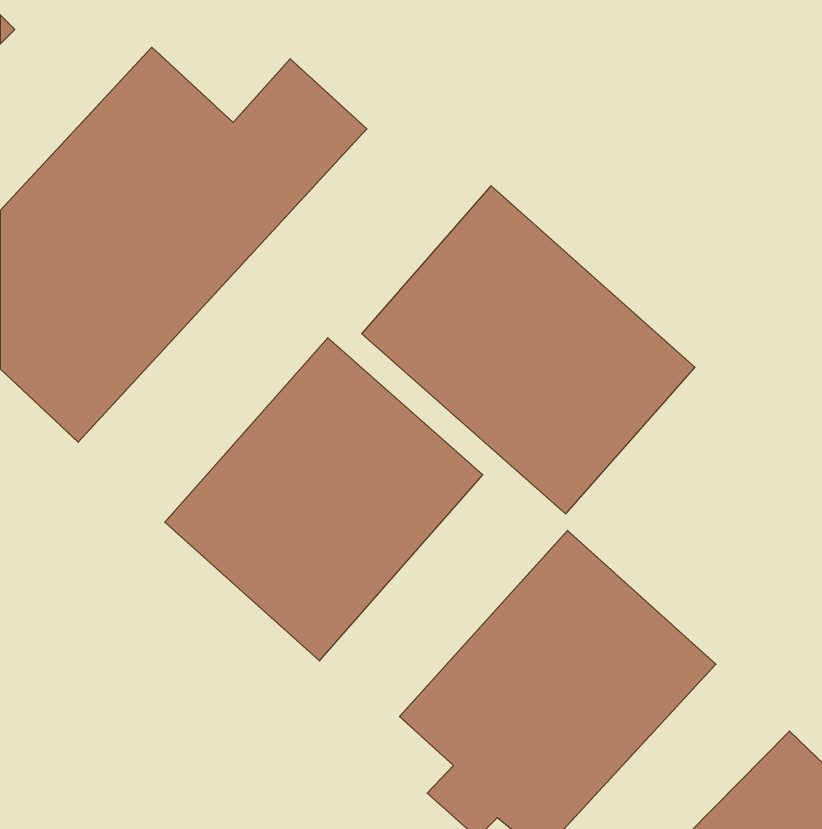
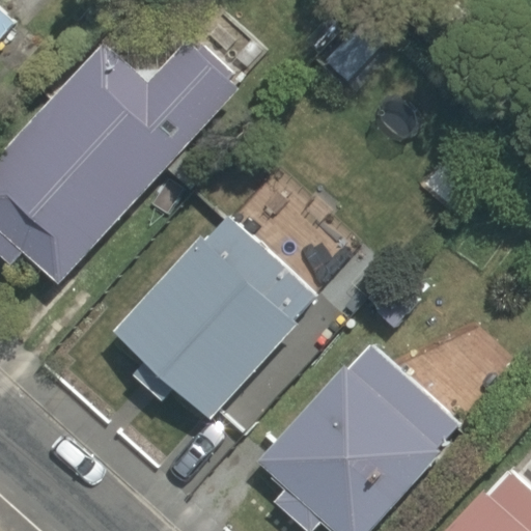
building: [362,186,695,514] -> none

